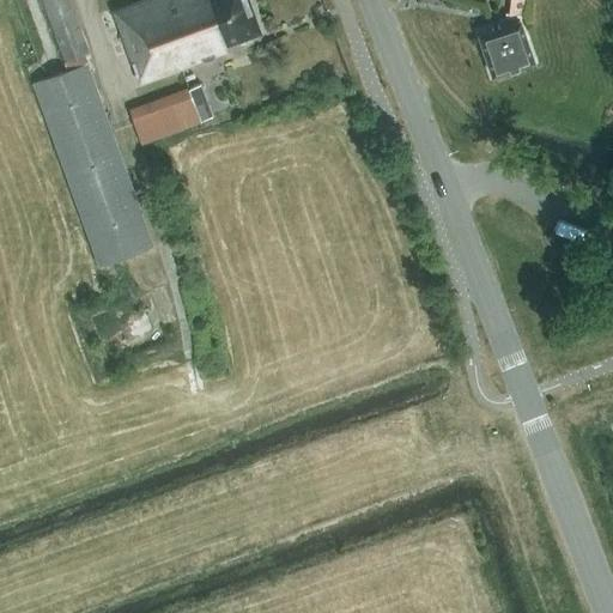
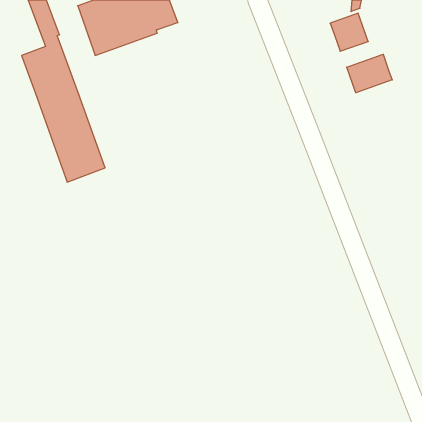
building: none -> [347,54,392,93]
building: [128,90,201,144] -> none

